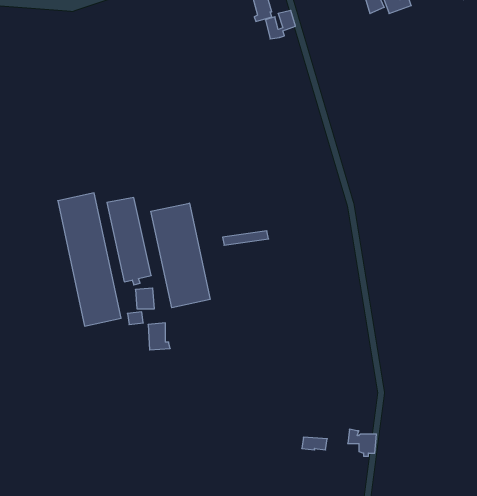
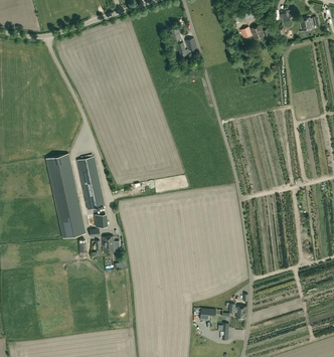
building: [151,203,210,308] -> none

